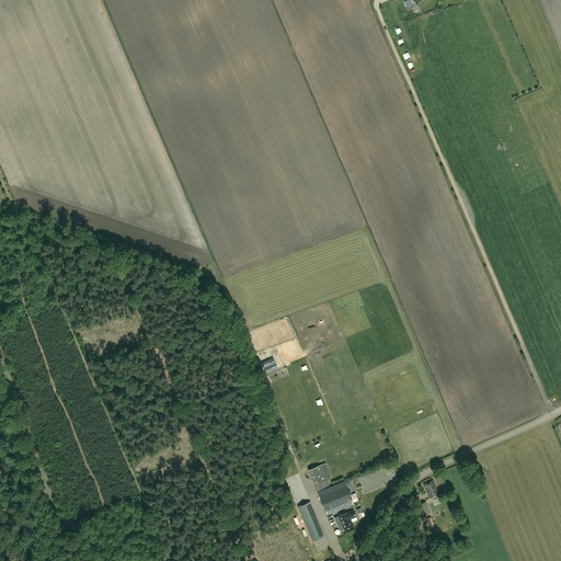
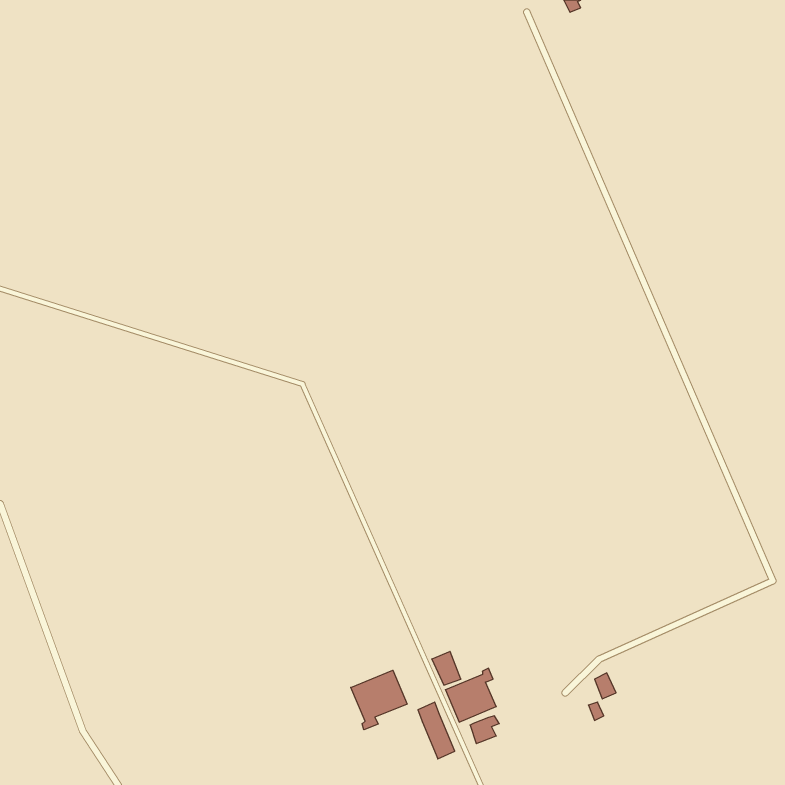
building: none -> [351,670,407,730]

